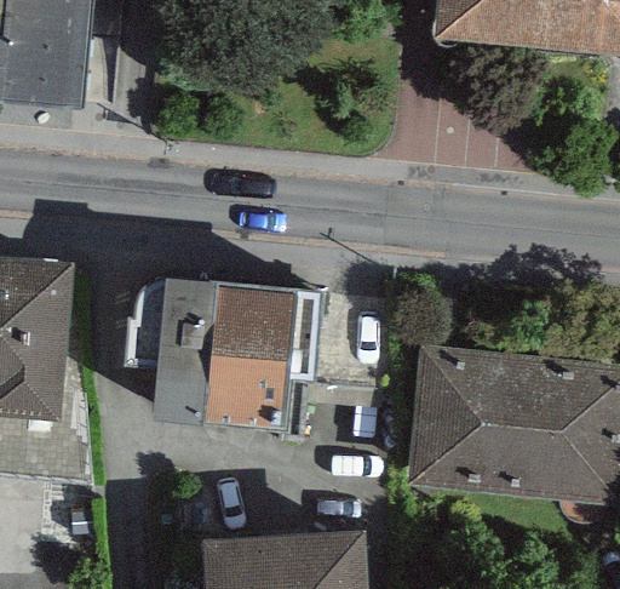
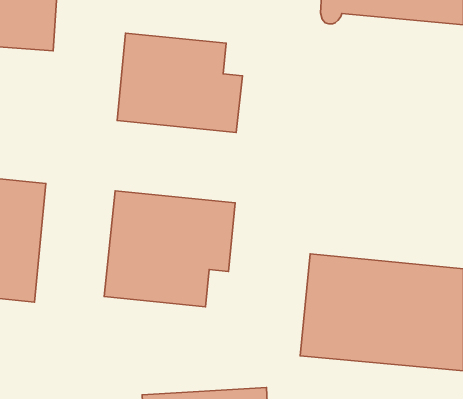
building: none -> [117,33,242,133]

